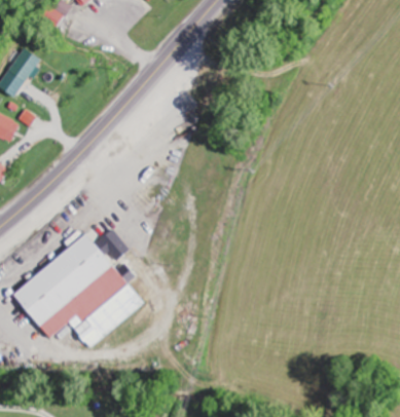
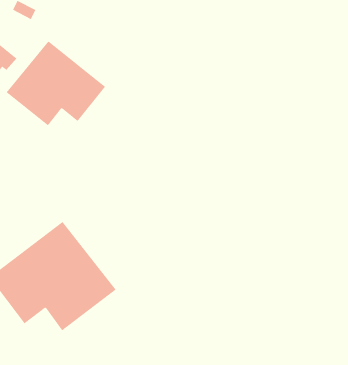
building: none -> [6,41,106,126]

